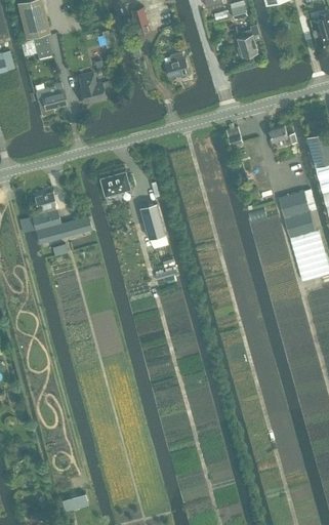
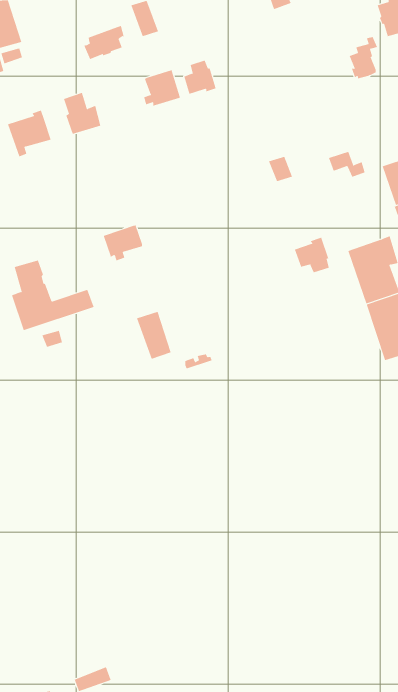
building: none -> [84,25,125,60]
building: [237,25,258,55] -> [349,36,378,79]
building: none -> [143,69,182,107]
building: none -> [294,237,330,273]
building: [139,203,164,238] -> [136,311,172,359]

